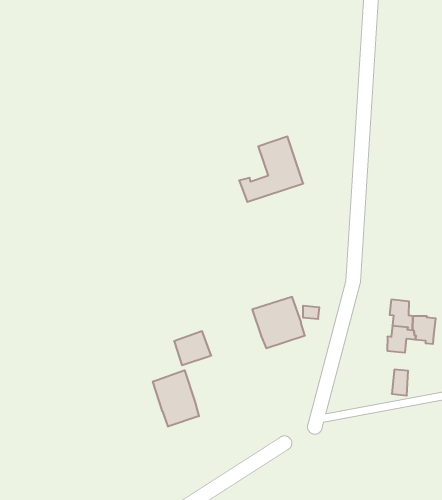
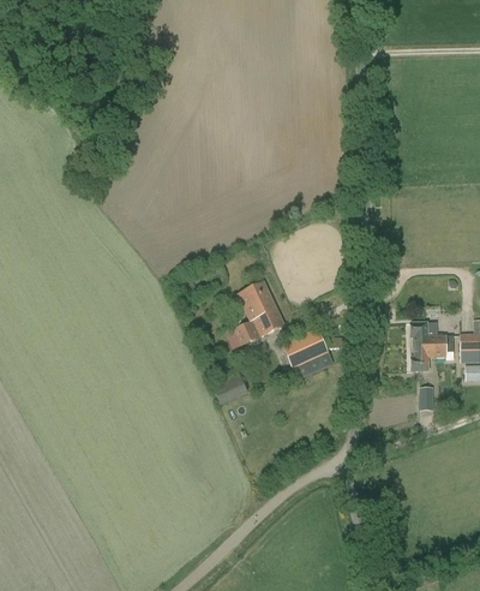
building: [239,137,303,202] -> [224,282,284,347]
building: [153,370,199,427] -> none

